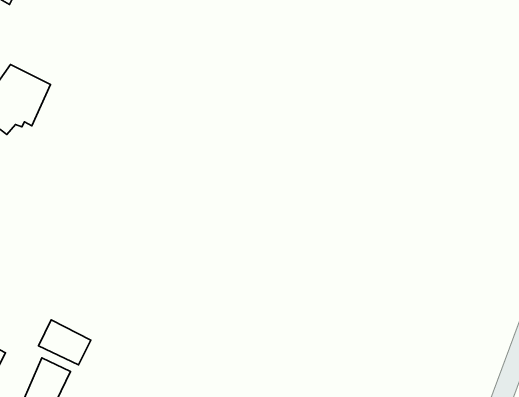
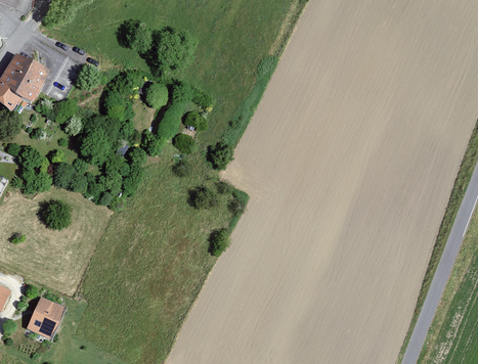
building: [39,320,91,365] -> none

